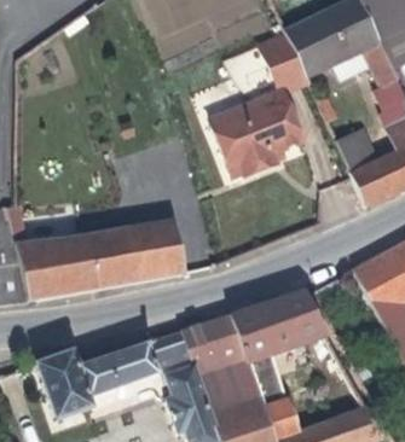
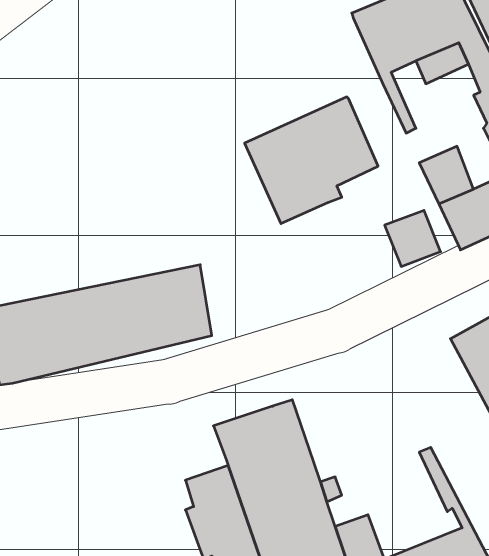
building: [260,33,307,92] -> none
building: [241,289,332,359] -> none
building: [40,332,192,414] -> none

